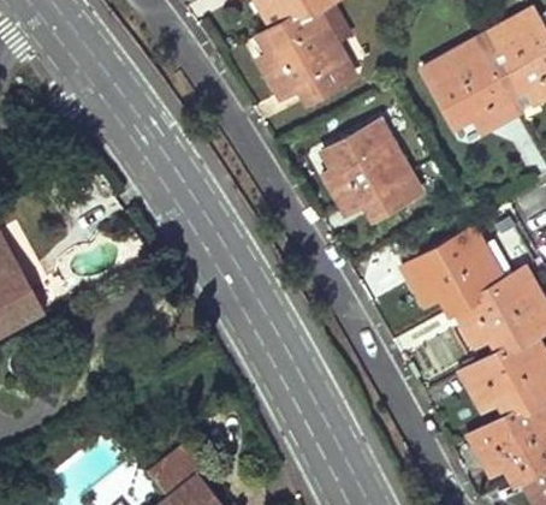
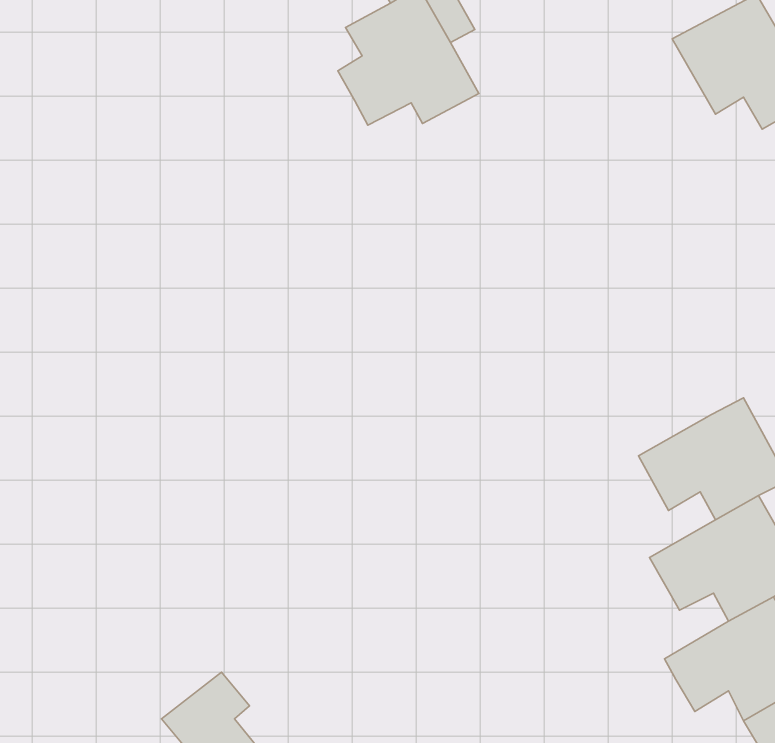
building: [426,41,516,129] -> none
building: [327,123,417,214] -> none
building: [405,228,502,308] -> none

